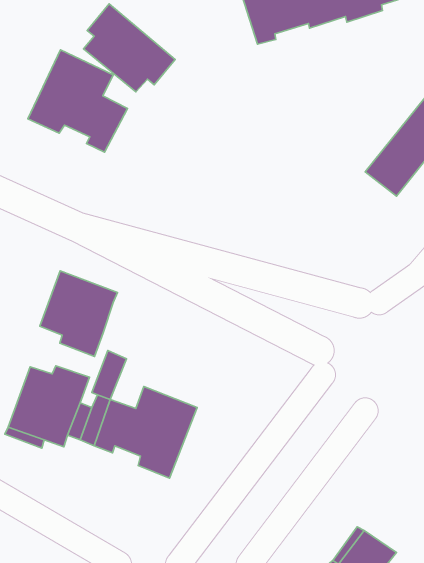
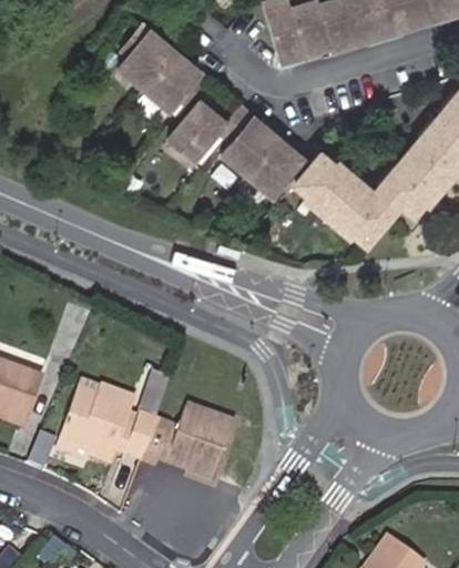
building: [28,50,127,152] -> none
building: none -> [174,105,397,246]
building: [40,271,118,356] -> none

